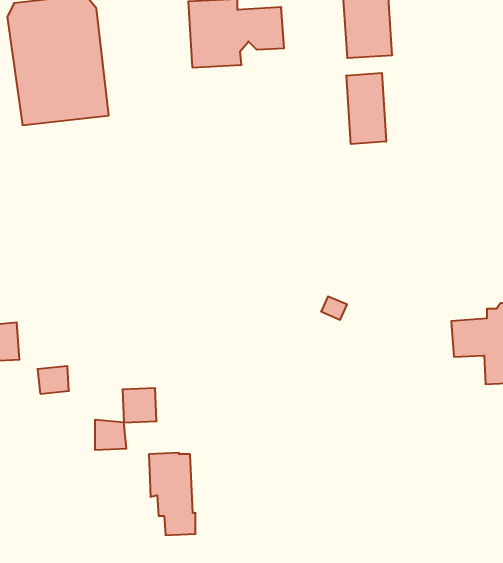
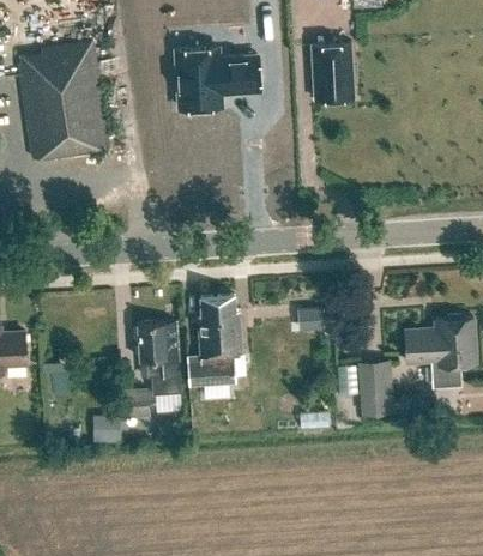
building: [346,73,386,144] -> none
building: none -> [188,295,242,383]
building: none -> [360,361,393,416]
building: [149,453,196,535] -> [139,322,180,394]

